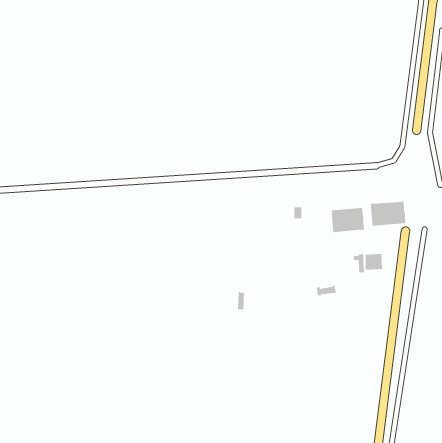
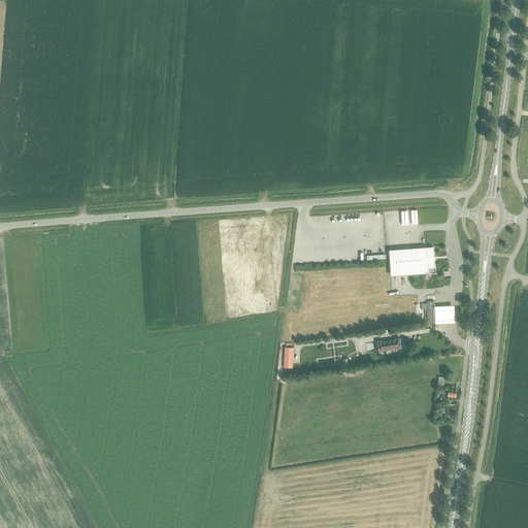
building: [370,201,406,227] -> none

